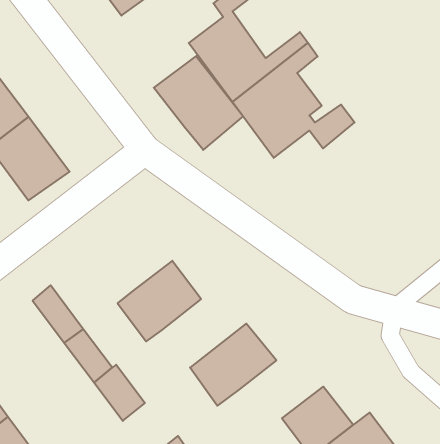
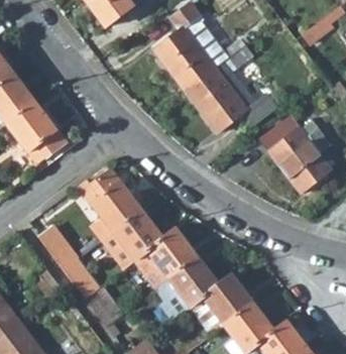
building: [154,56,243,150] -> none
building: none -> [259,113,333,194]
building: none -> [82,168,142,231]
building: none -> [134,227,197,286]
building: none -> [192,272,253,332]

